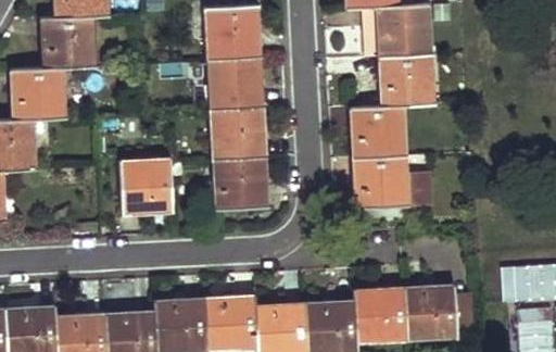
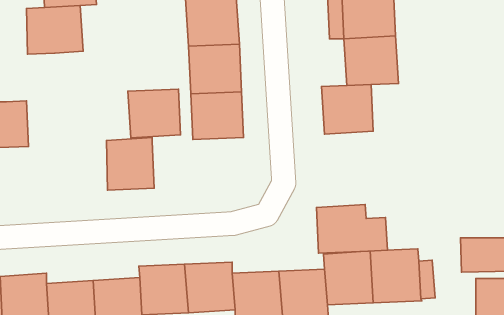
building: [11,70,68,122] -> none
building: [354,153,430,205] -> [316,204,387,253]
building: [213,160,269,212] -> [128,89,181,138]

